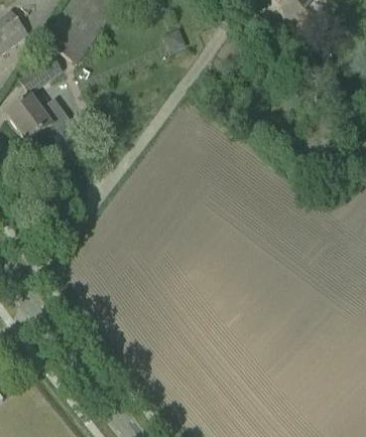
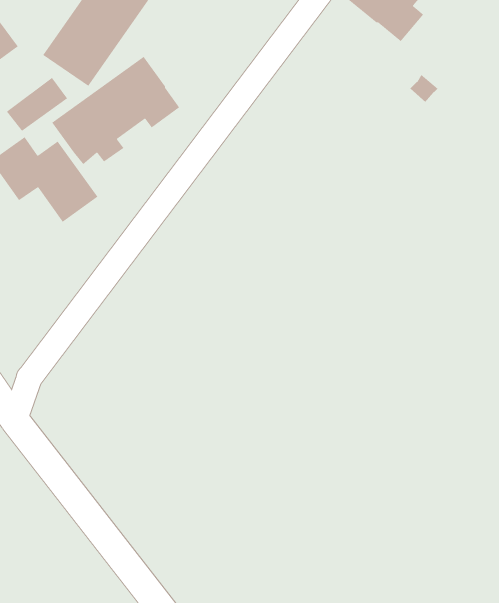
building: none -> [51,56,180,165]

